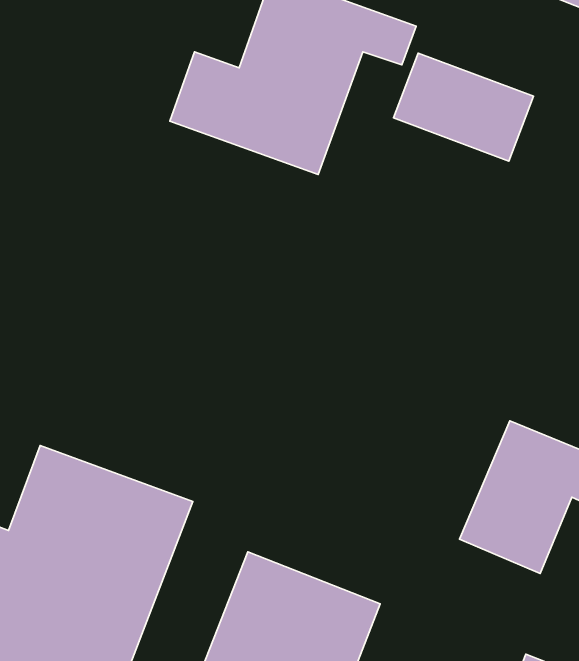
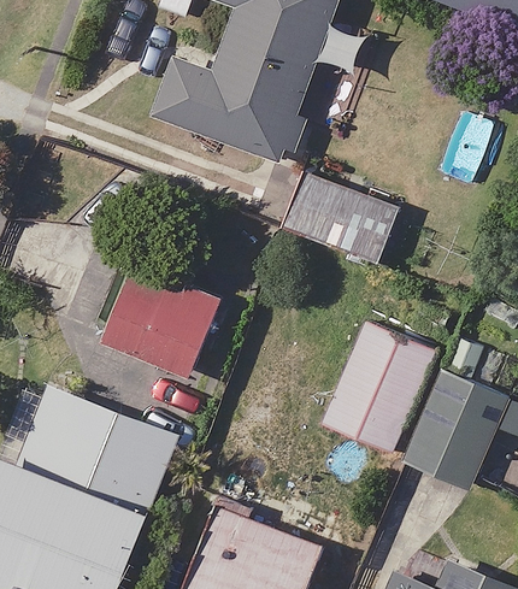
building: [394,53,533,161] -> [281,171,398,261]
building: none -> [106,271,217,376]
building: none -> [322,318,435,450]

